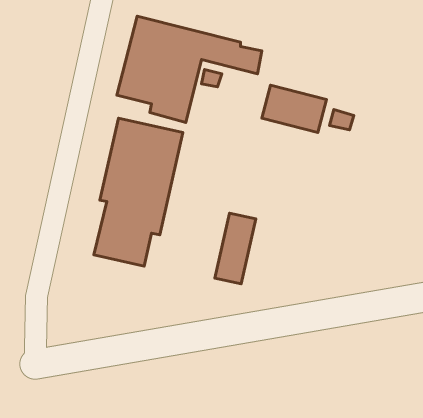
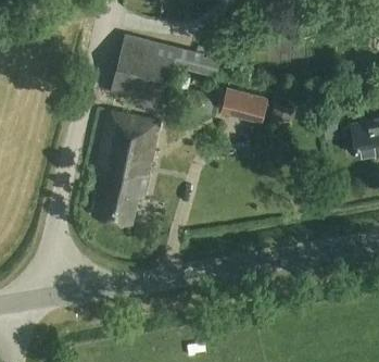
building: [215,213,256,284] -> none

